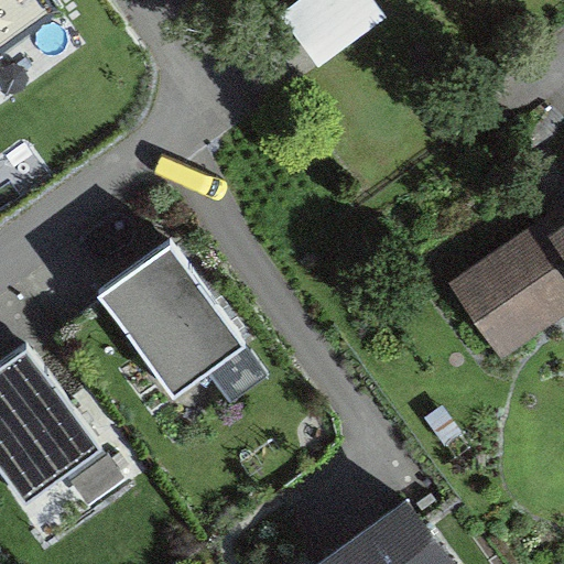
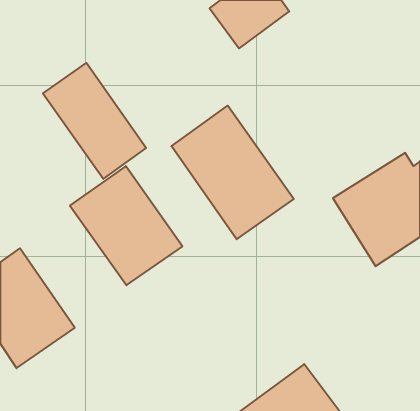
building: none -> [43,63,146,179]
building: none -> [171,106,294,239]

